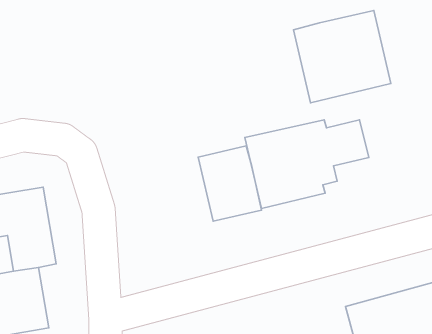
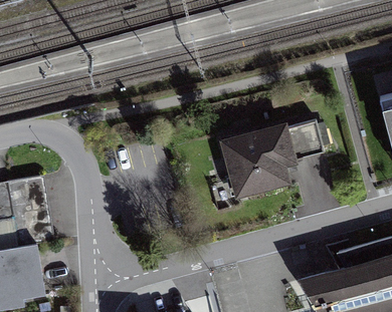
building: [294,11,391,103] -> none
building: [198,146,262,221] -> none

